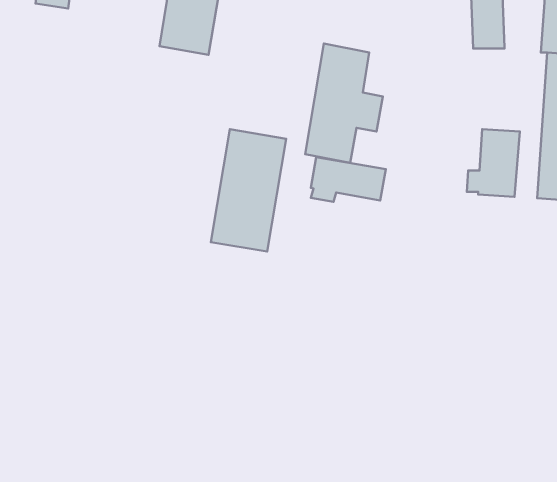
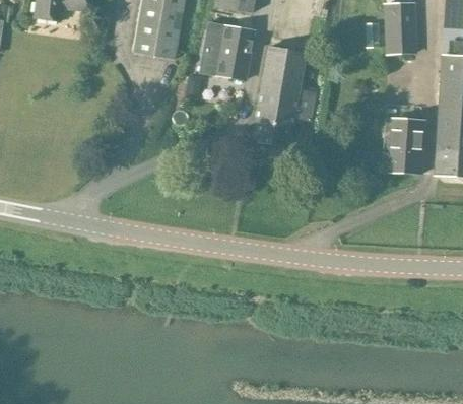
building: none -> [200,22,254,78]
building: [211,129,286,252] -> none
building: [311,157,386,202] -> none

